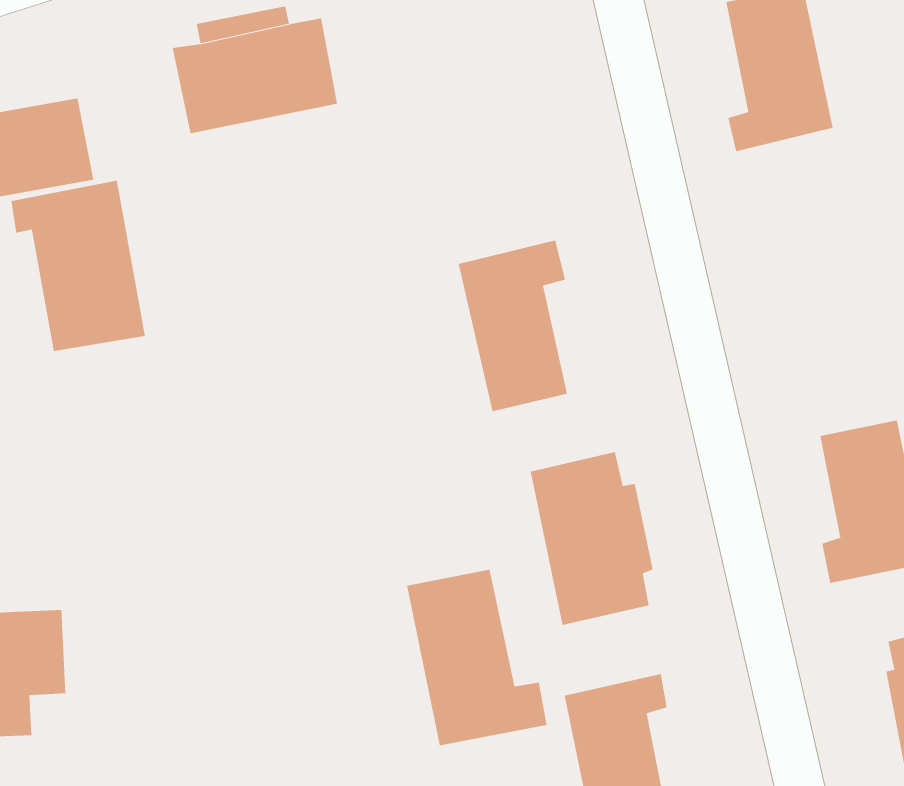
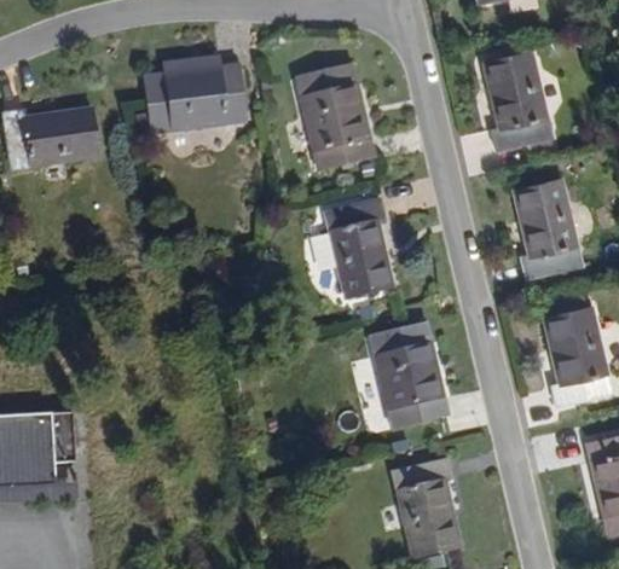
building: none -> [297,63,375,173]
building: [11,180,145,352] -> none
building: none -> [514,170,580,274]
building: [407,569,547,746] -> none

